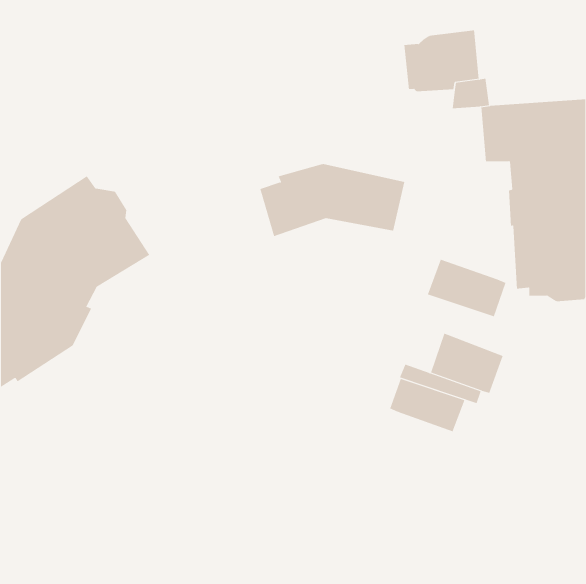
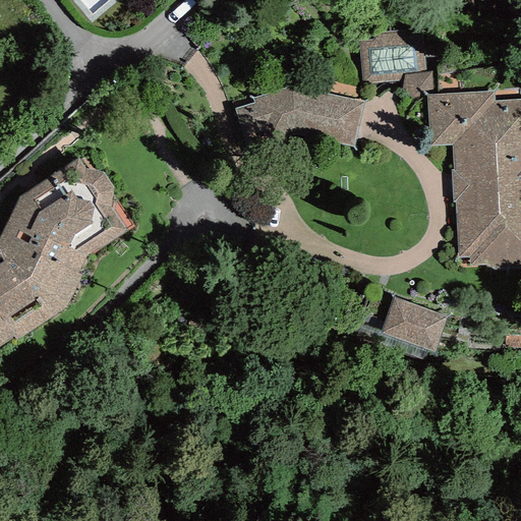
building: [260,164,405,237] -> [235,84,364,150]
building: [427,259,506,317] -> none
building: [390,378,465,432] -> none

